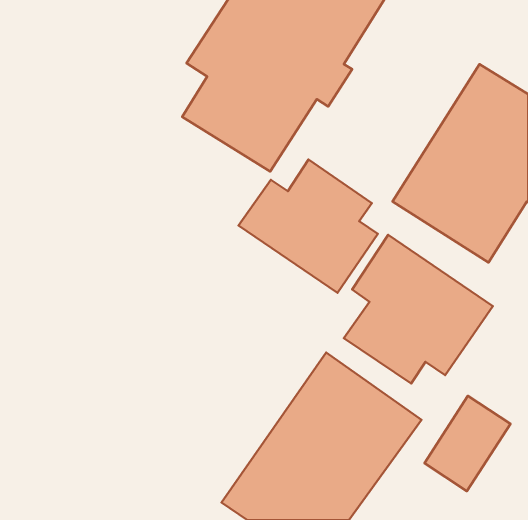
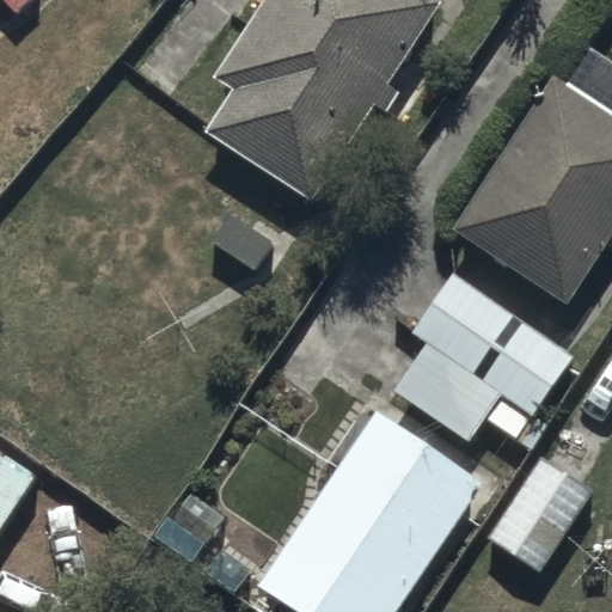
building: [239,160,378,293] -> none

